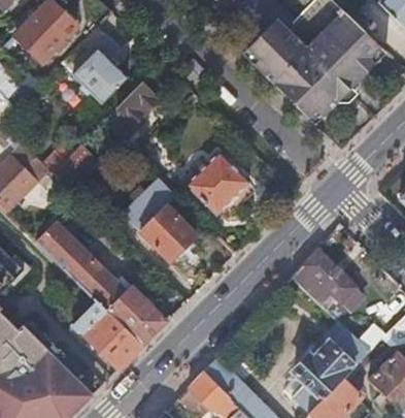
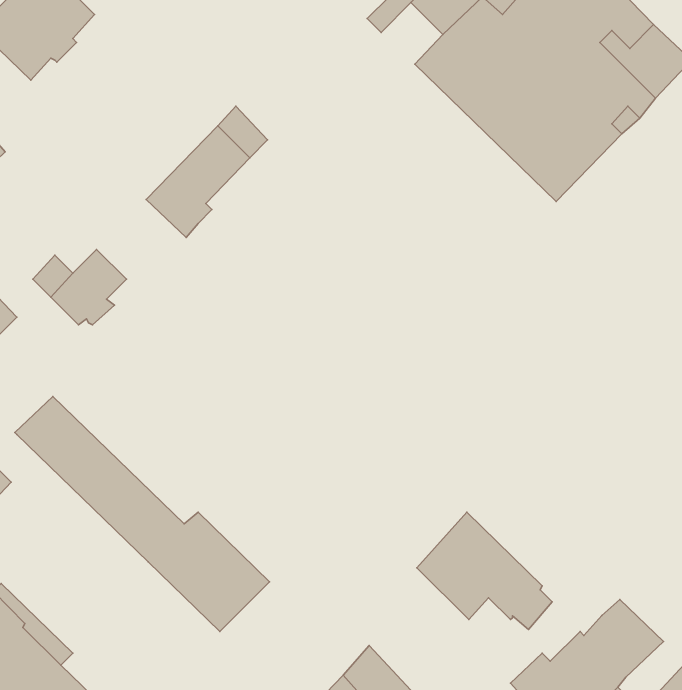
building: [63,28,129,104] -> none
building: [189,152,251,215] -> none
building: [122,176,198,263] -> none
building: [294,247,364,308] -> [417,512,552,630]
building: [81,311,142,371] -> none

